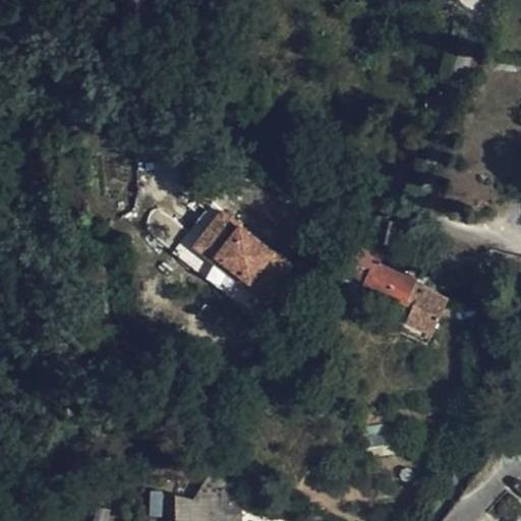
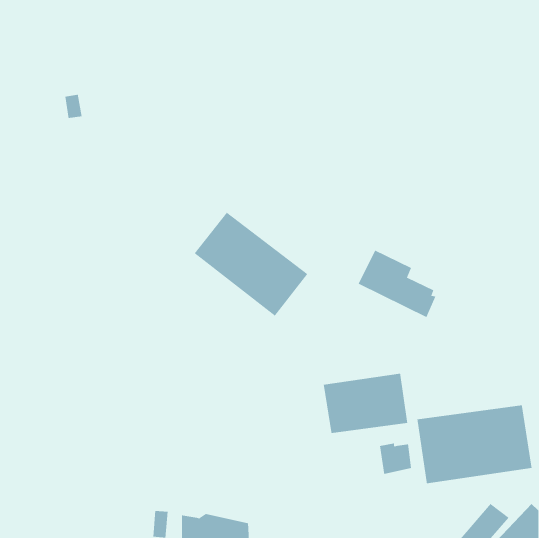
building: [399,288,446,342] -> none
building: none -> [323,373,408,434]
building: none -> [417,404,532,484]

